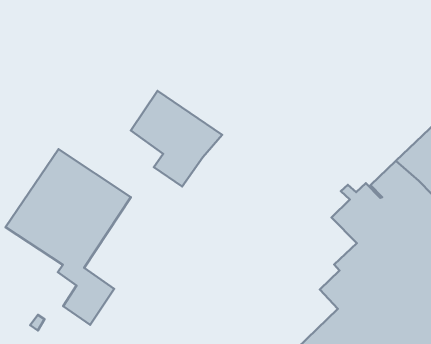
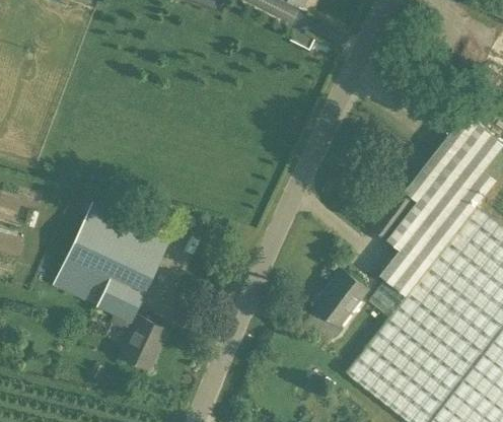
building: [131,91,222,186] -> none
building: none -> [305,269,369,339]

